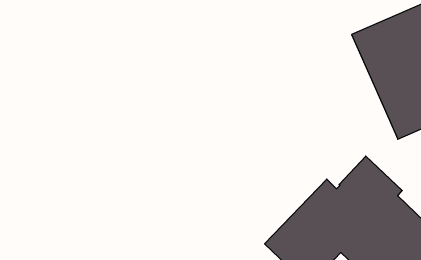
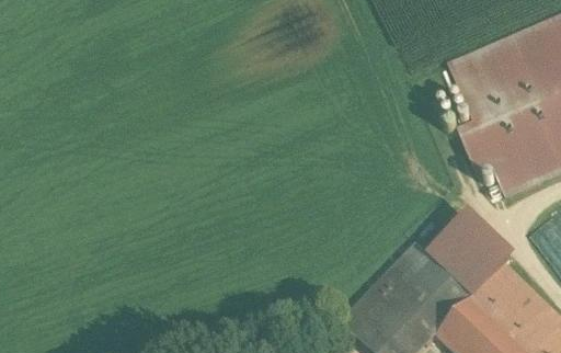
building: none -> [458,123,493,172]

